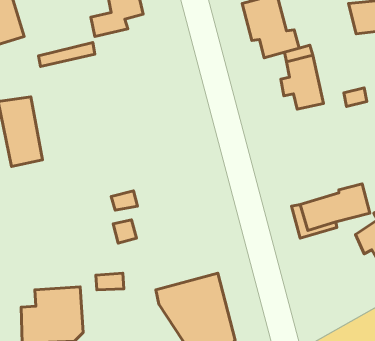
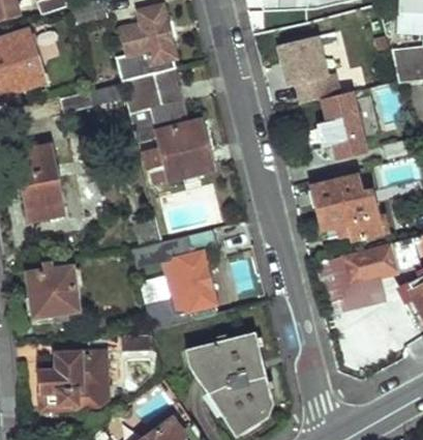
building: none -> [121,72,213,186]
building: none -> [312,173,382,243]
building: none -> [171,254,215,311]
building: none -> [28,267,77,314]

